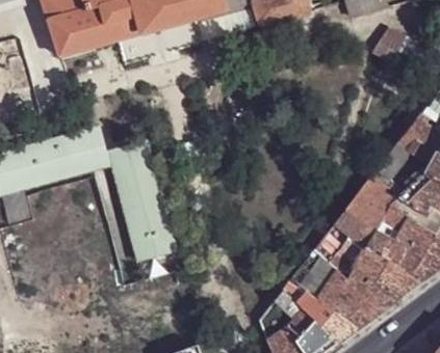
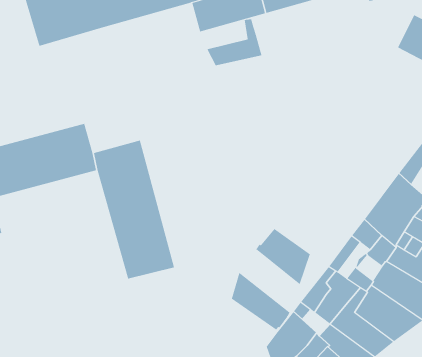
building: none -> [206,18,262,66]
building: none -> [255,228,311,285]
building: none -> [231,272,290,331]

